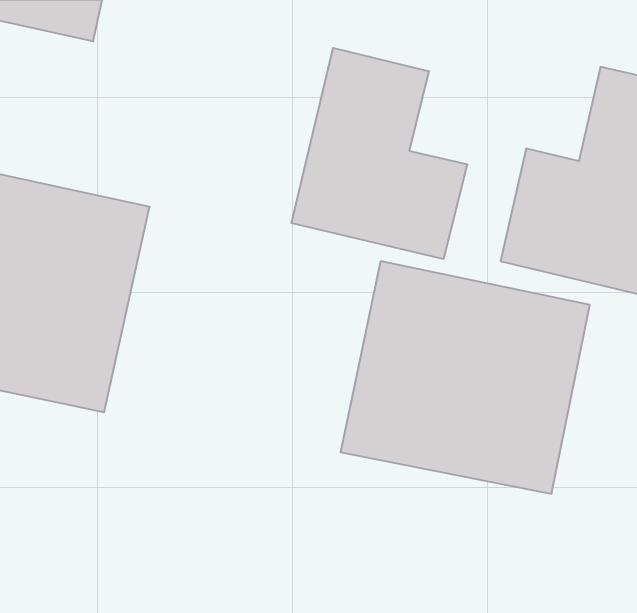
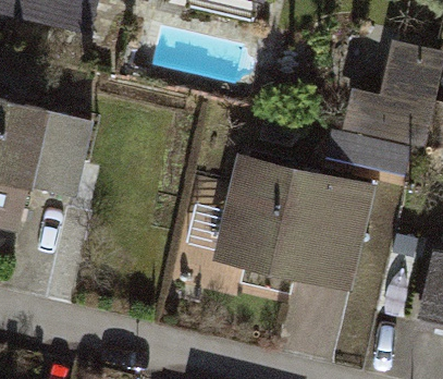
building: [292,48,467,259] -> none

